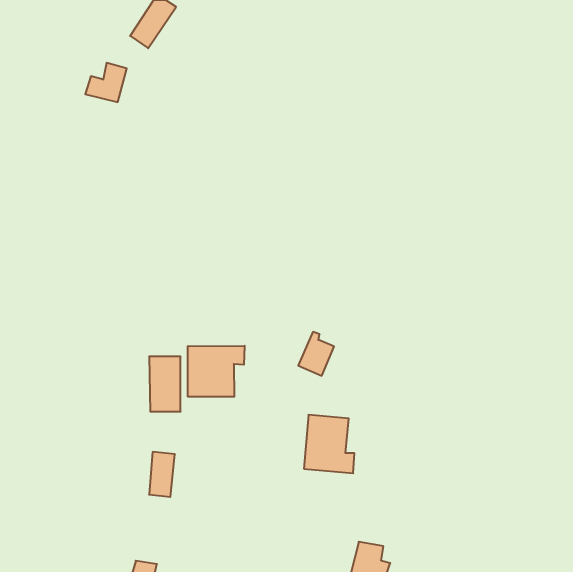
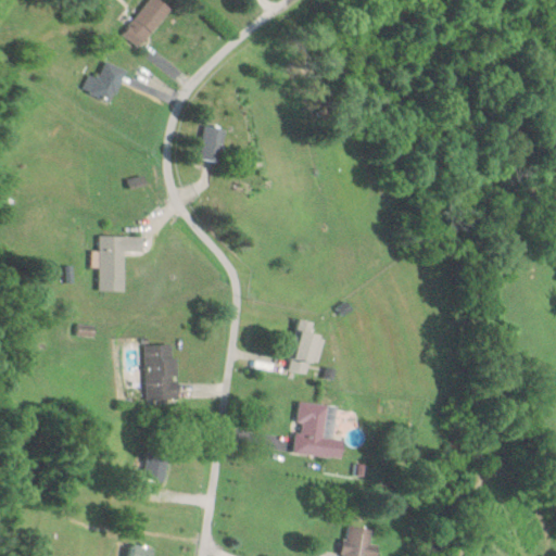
building: none -> [200,126,224,162]
building: none -> [99,236,143,292]
building: [188,346,245,397] -> none

